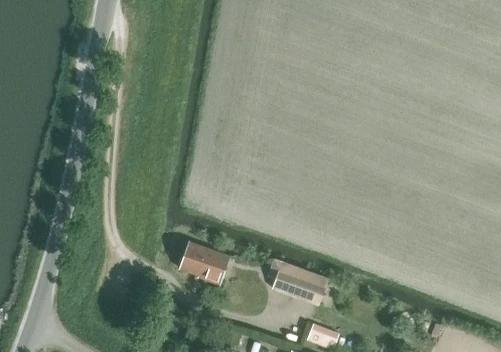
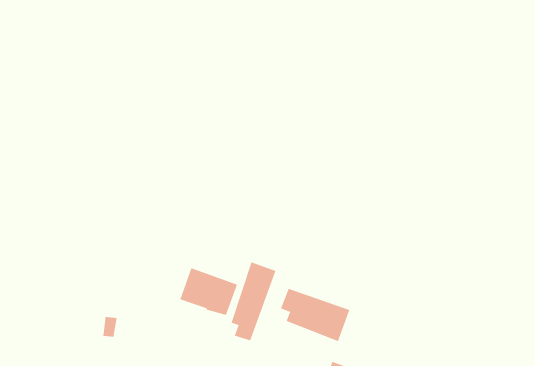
building: none -> [231,262,276,341]

